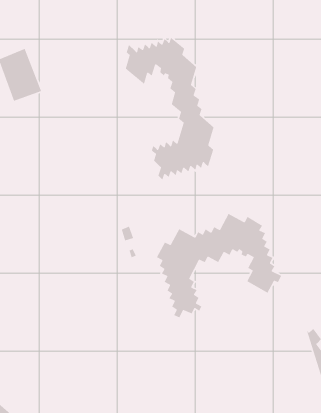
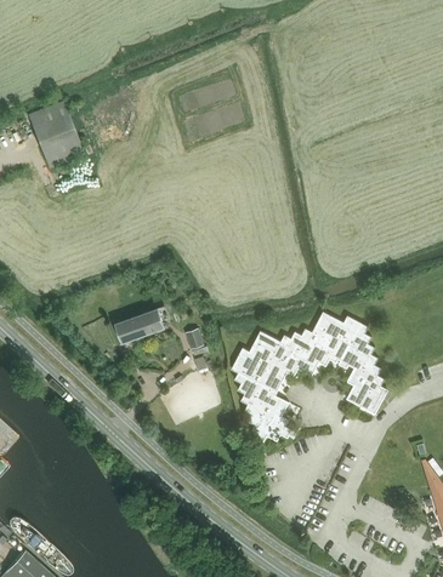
building: [125,37,215,181] -> none
building: none -> [115,312,164,342]

